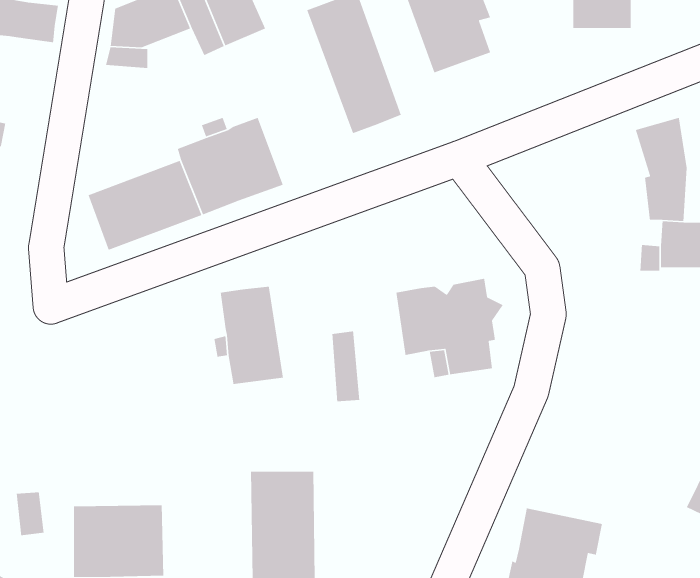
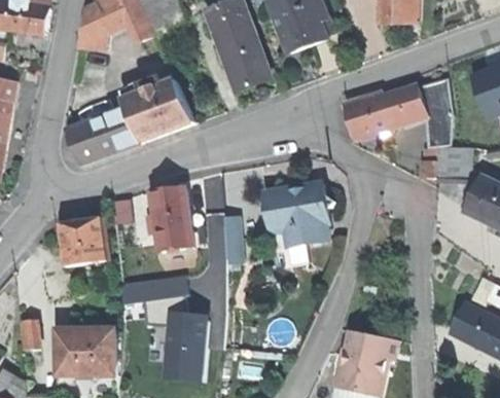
building: none -> [343,87,427,139]
building: none -> [59,221,107,267]
building: none -> [126,274,190,299]

